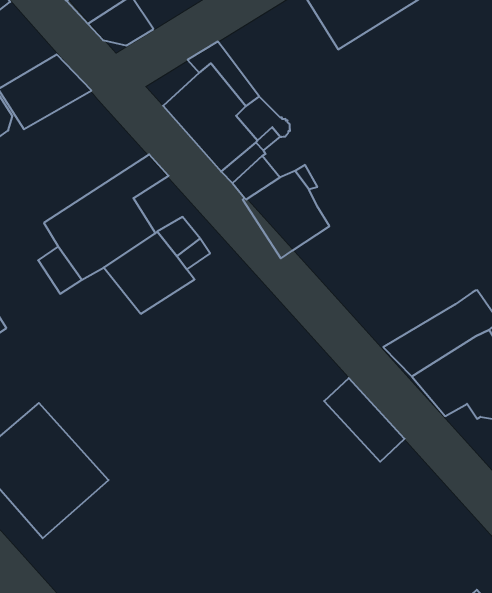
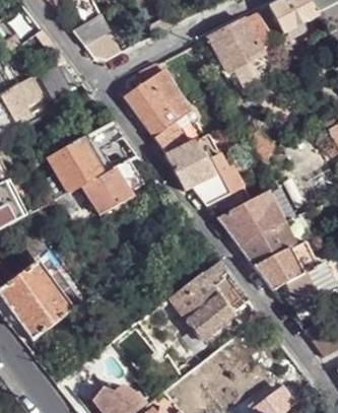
building: none -> [191,155,244,205]
building: none -> [216,185,293,245]
building: none -> [170,273,233,338]

